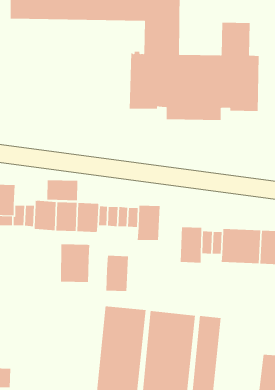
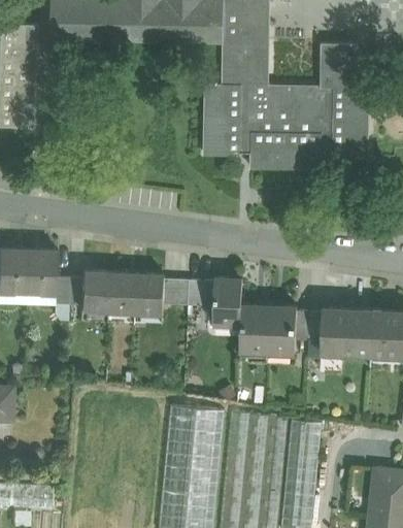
building: [47,179,78,201] -> none
building: [60,243,90,283] -> none
building: [105,255,129,291] -> [239,303,269,350]

